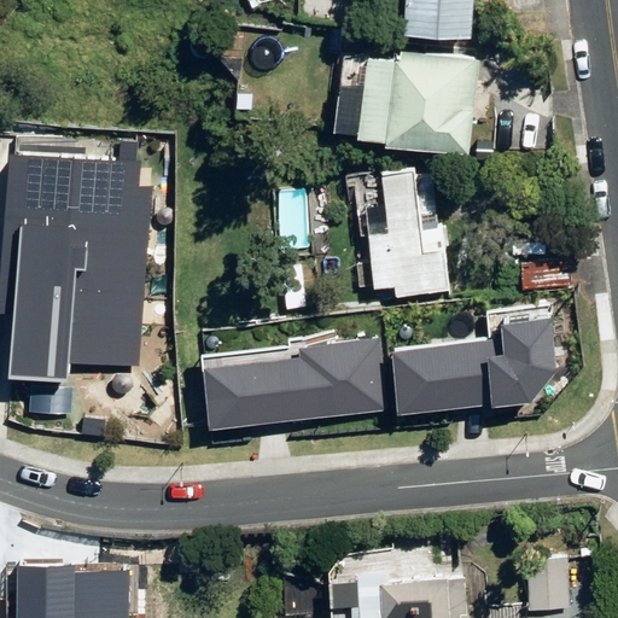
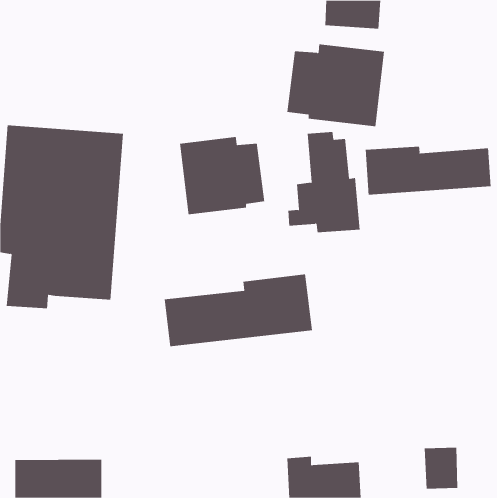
building: none -> [179,136,265,215]
building: none -> [365,146,491,195]
building: [393,320,556,416] -> none

